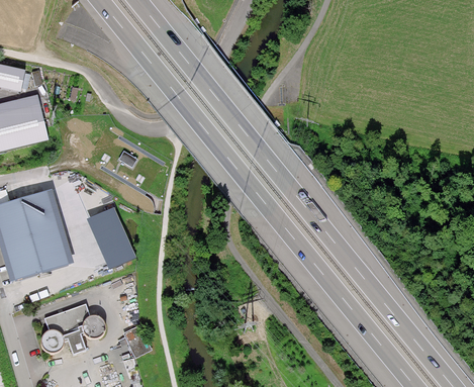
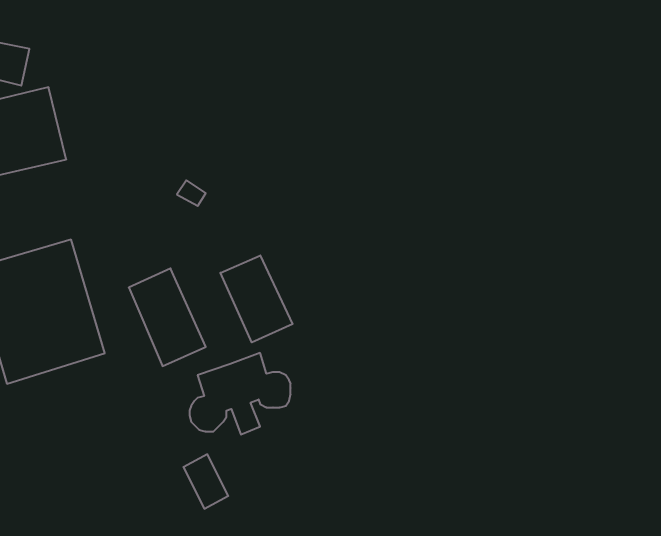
building: none -> [220,255,293,342]
building: [41,303,105,355] -> [190,353,291,435]

